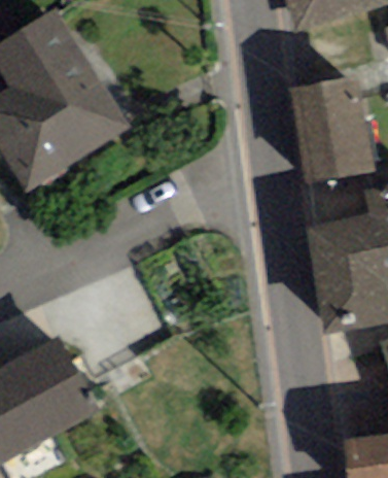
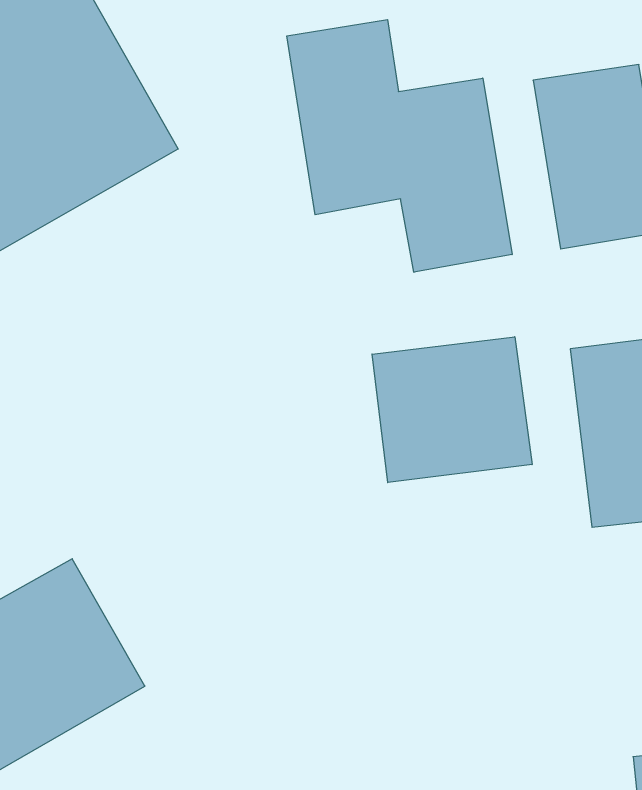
building: none -> [287,20,512,272]
building: none -> [372,337,532,483]

